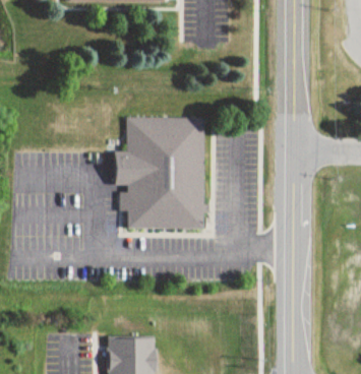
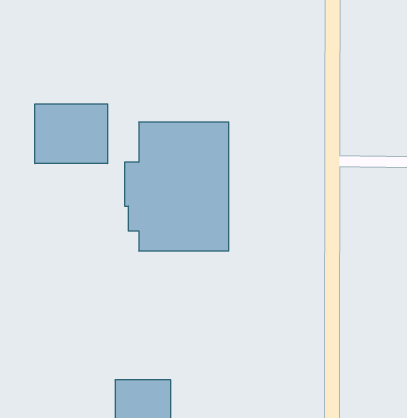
building: none -> [35,104,108,164]

